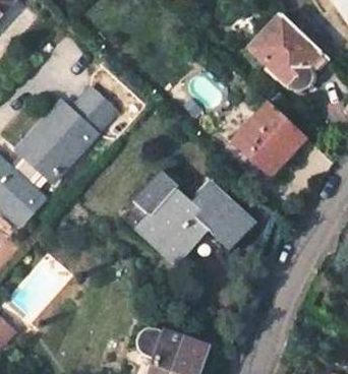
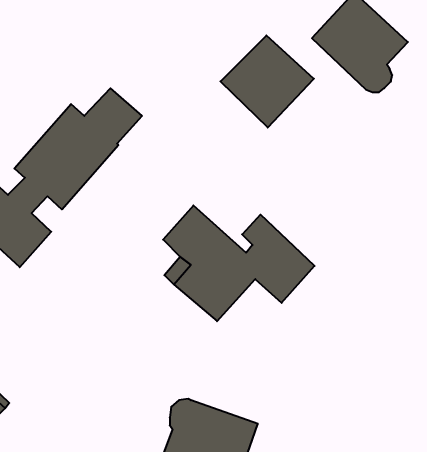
building: [233,103,305,174] -> [220,35,314,128]

